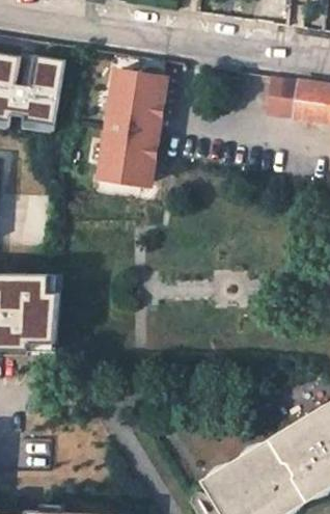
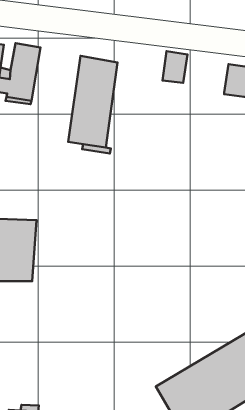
building: [269,76,300,115] -> [162,51,187,83]

